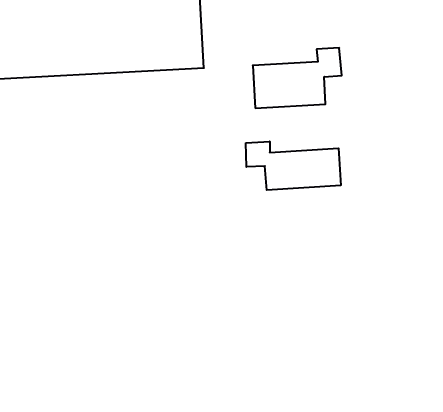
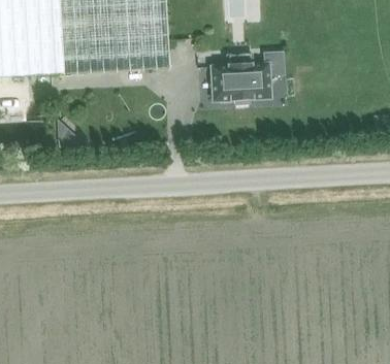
building: [246,141,341,190] -> none

